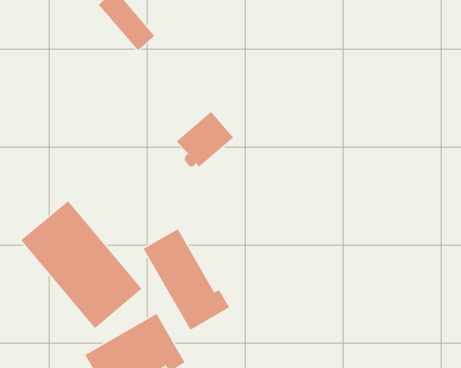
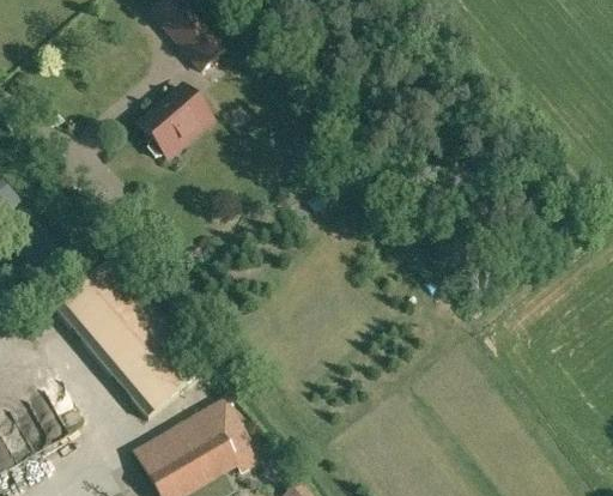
building: [176,111,234,168] -> [139,85,212,157]
building: [143,228,230,331] -> none

